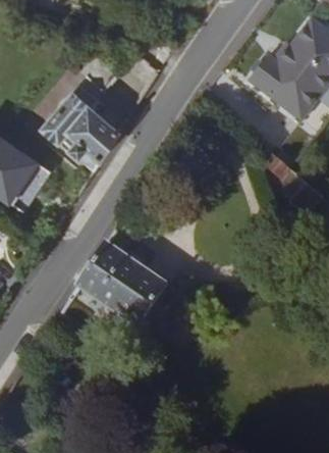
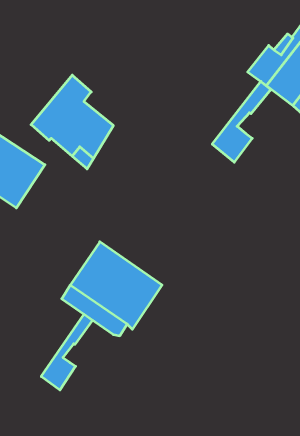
building: none -> [212,81,271,162]
building: none -> [41,314,93,390]

